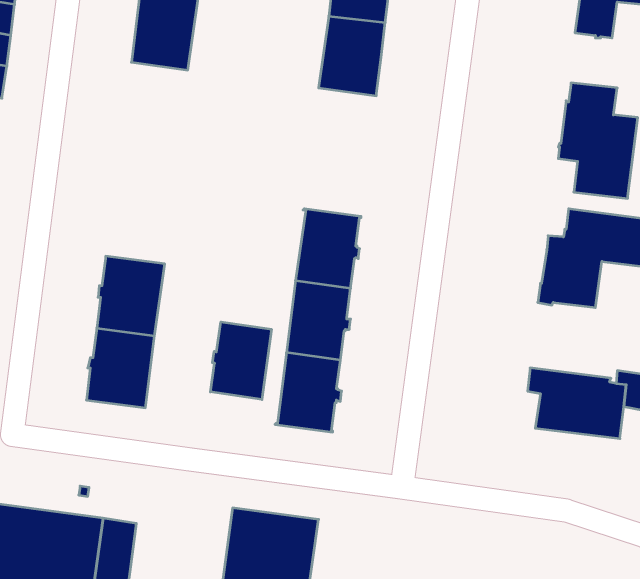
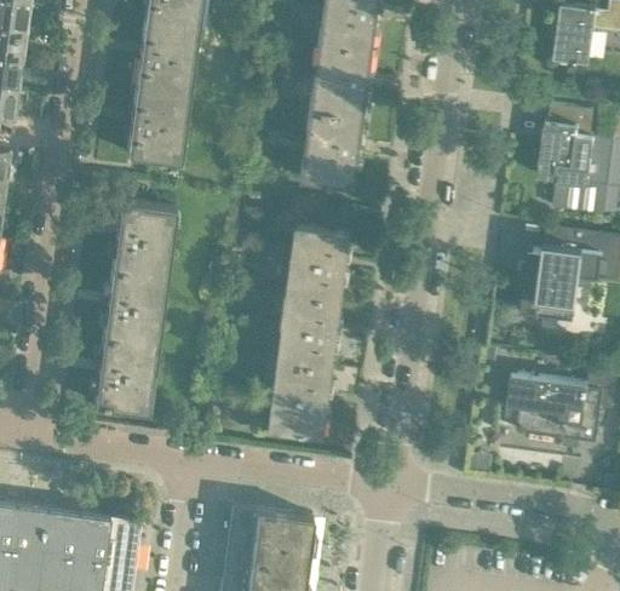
building: none -> [125,87,188,162]
building: none -> [303,111,366,187]
building: none -> [110,201,174,277]
building: [210,322,271,400] -> none

